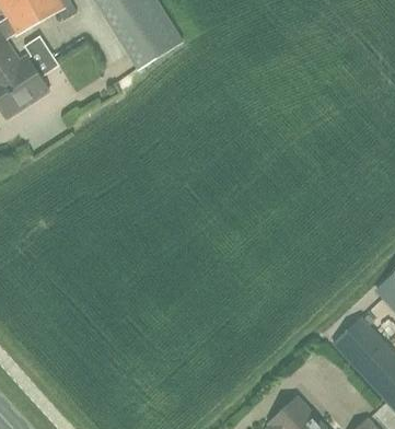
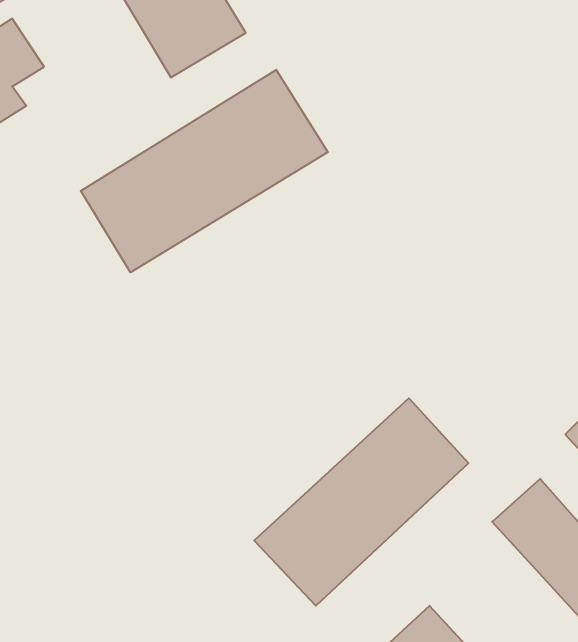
building: none -> [81,70,328,272]
building: none -> [254,398,468,606]

